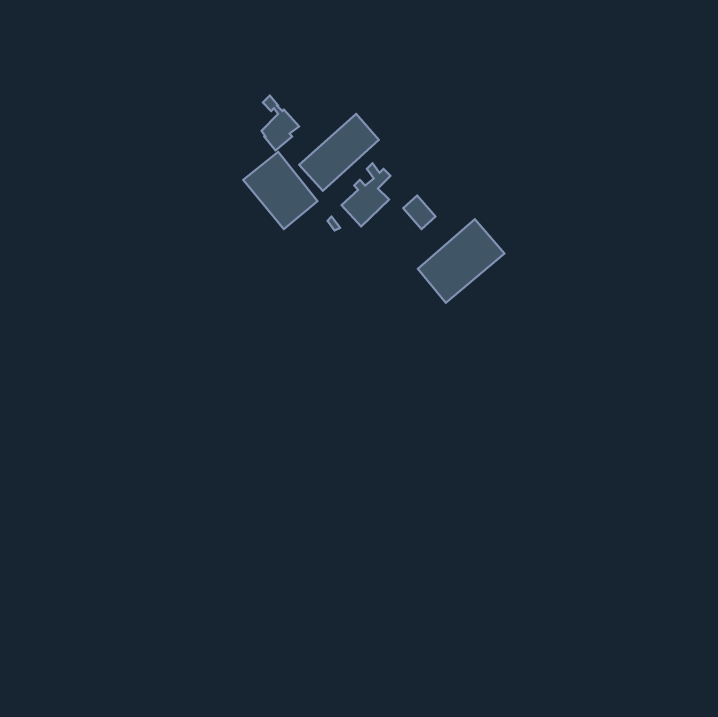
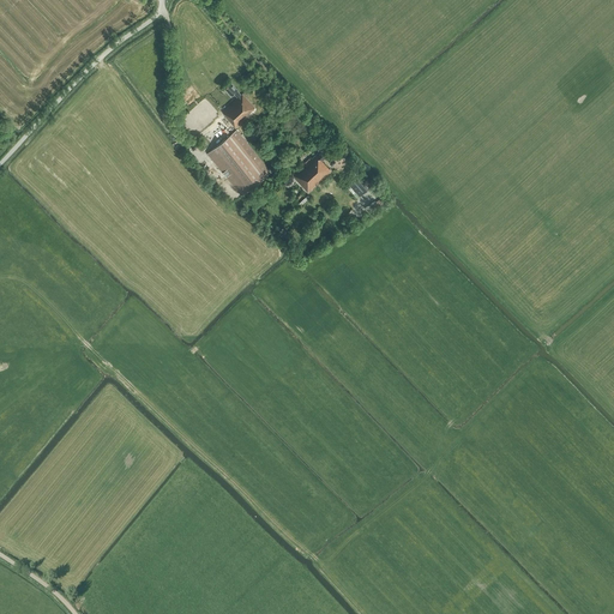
building: [299,114,379,191] -> none
building: [418,219,504,303] -> none

